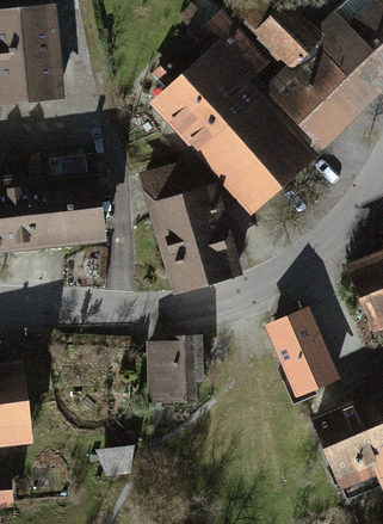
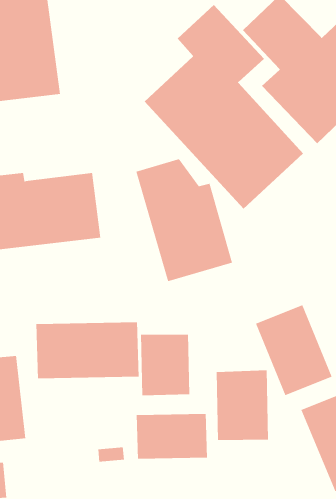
building: none -> [36,322,139,379]
building: none -> [216,369,268,441]
building: none -> [136,413,207,459]

